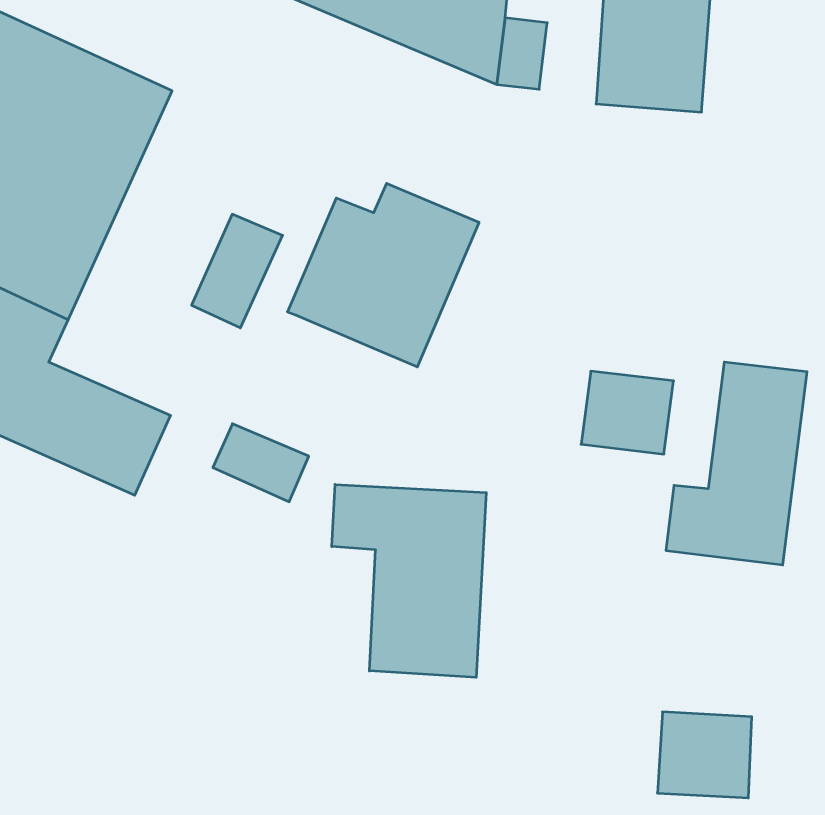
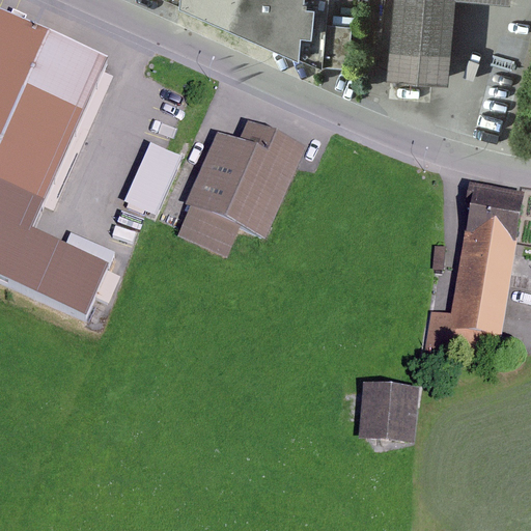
building: [581,371,674,454] -> [463,185,522,237]
building: [213,424,309,502] -> [176,201,237,251]
building: [332,484,486,677] -> none
building: [657,712,752,798] -> [359,385,419,440]

